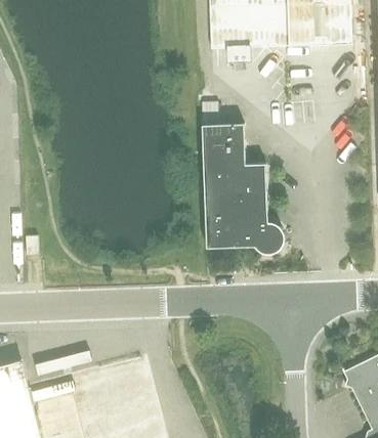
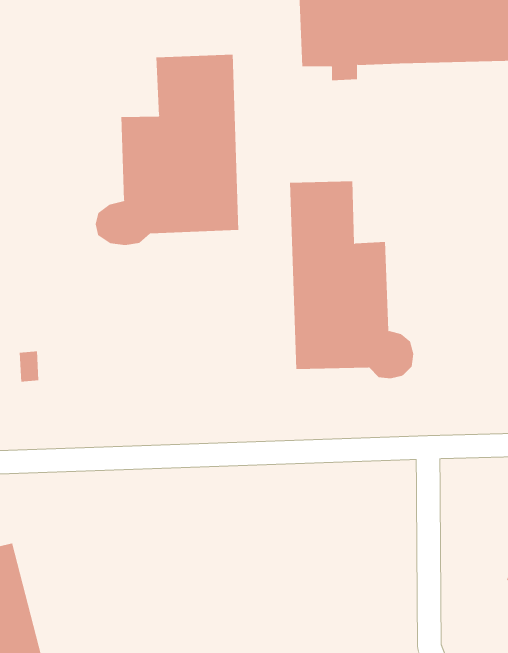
building: none -> [95,54,239,246]

